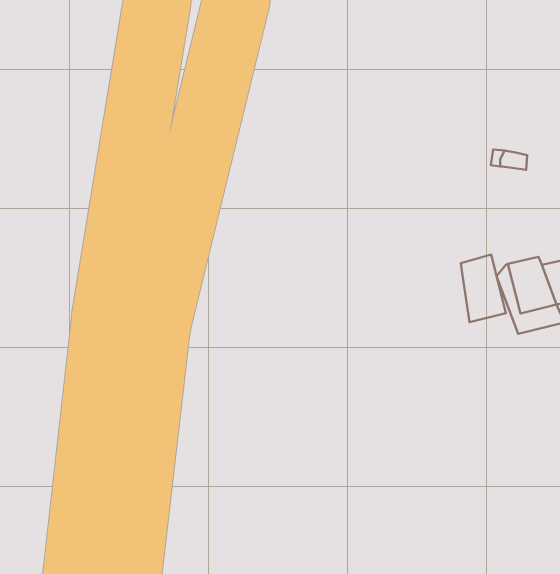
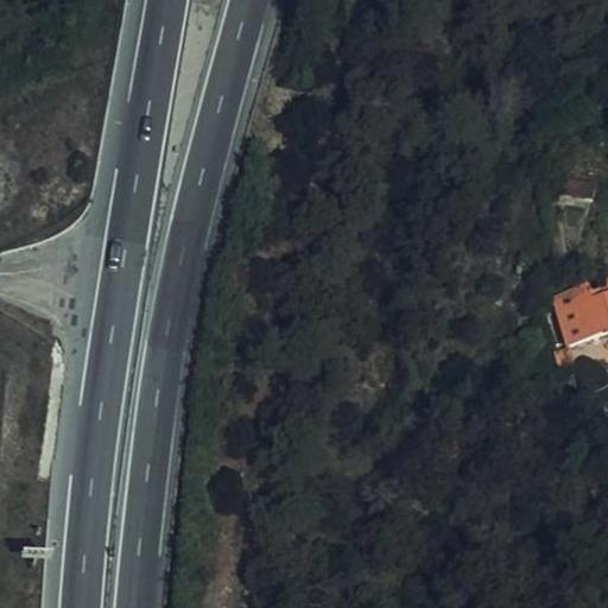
building: [461,254,506,322] -> none

